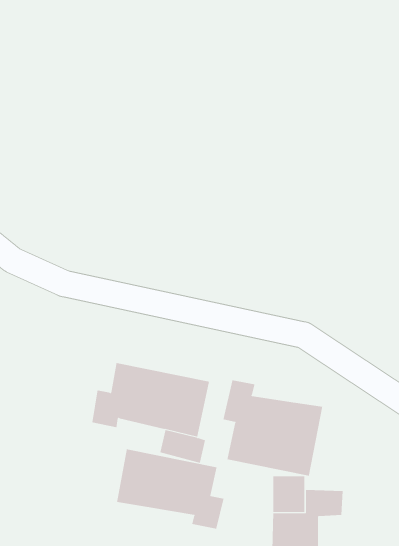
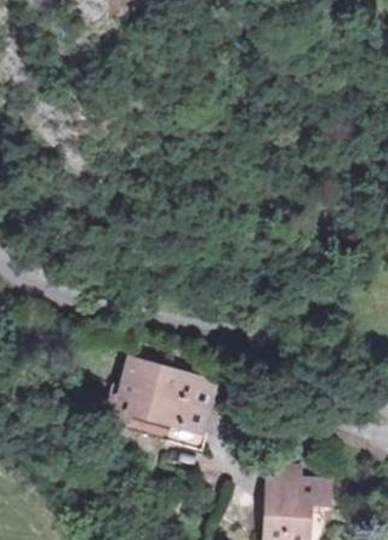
building: [223,379,323,477] -> none
building: [116,448,224,529] -> none

